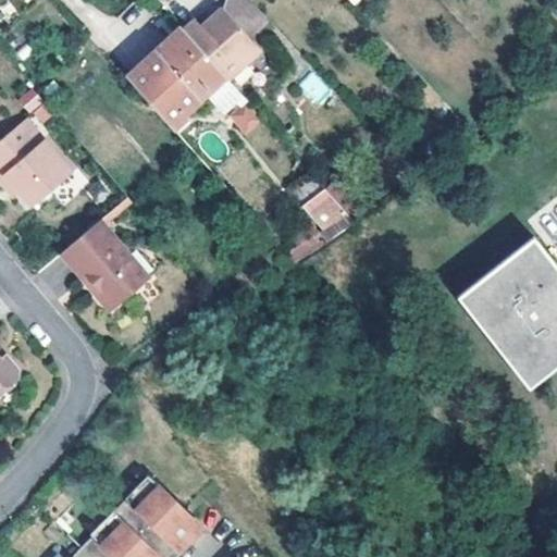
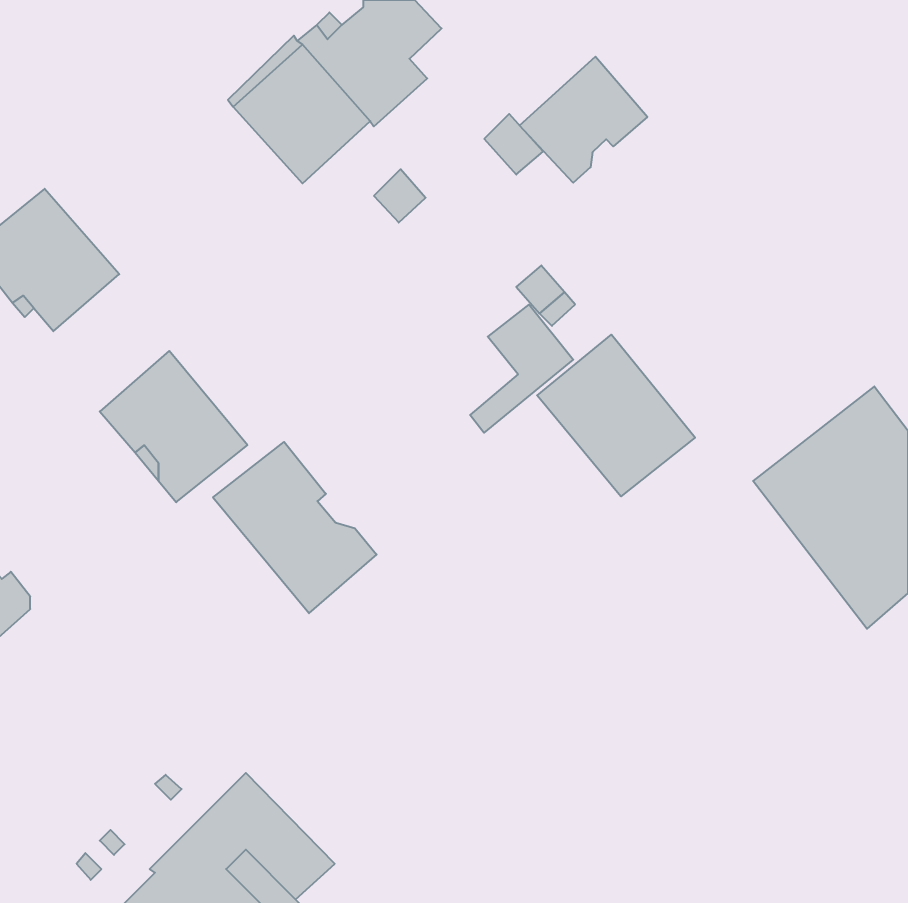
building: none -> [519,57,647,183]
building: none -> [537,335,695,496]
building: none -> [213,442,377,613]

